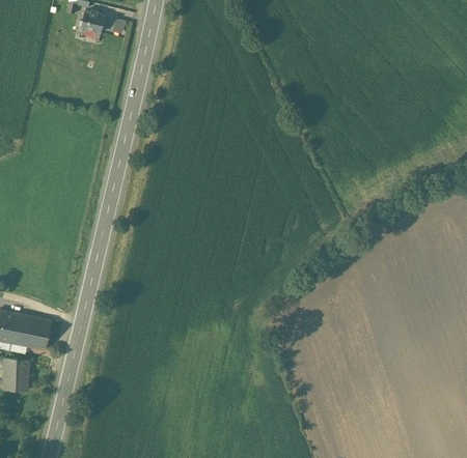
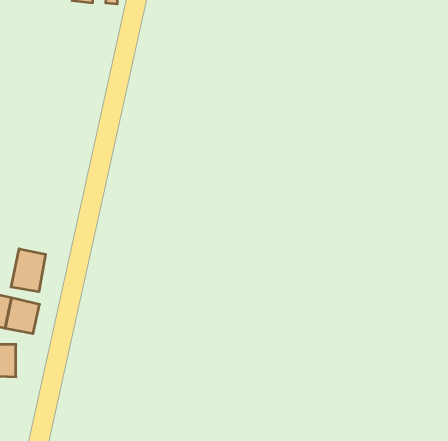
building: none -> [11,249,46,292]

